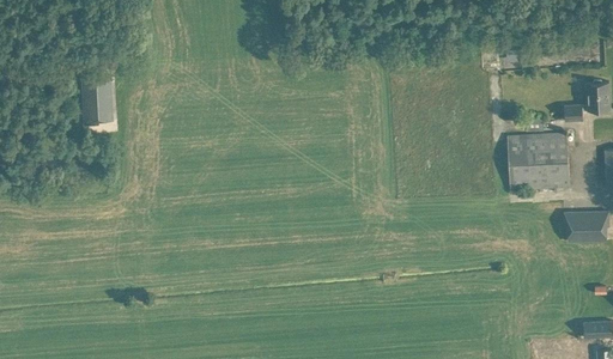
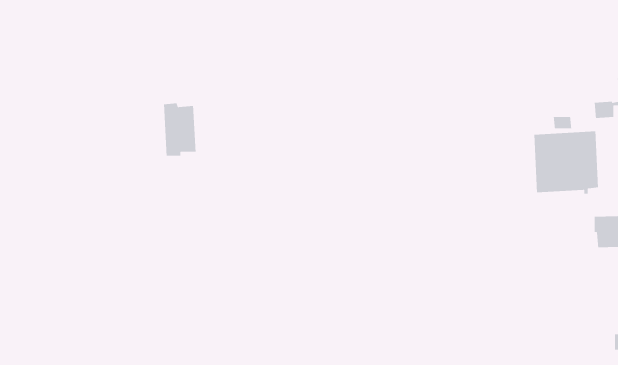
building: [83,74,114,124] -> [163,103,197,156]

